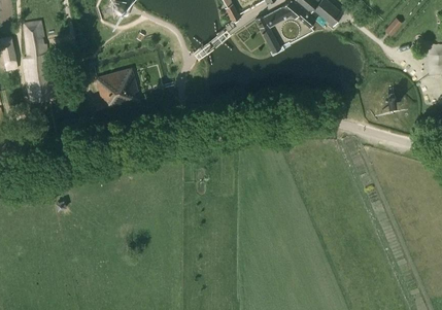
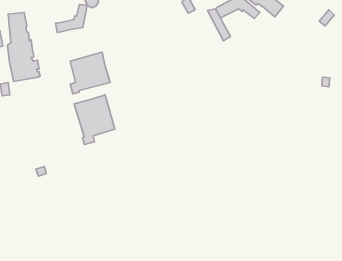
building: none -> [55,4,87,32]
building: none -> [74,95,115,145]

